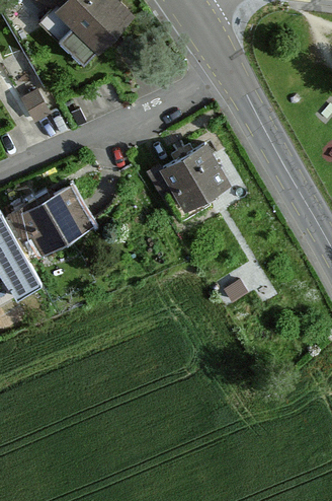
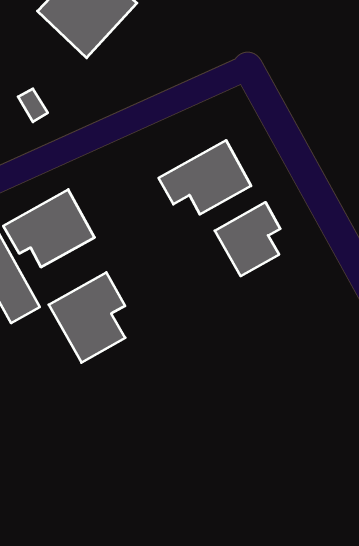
building: none -> [215,202,280,276]
building: none -> [49,272,125,363]

